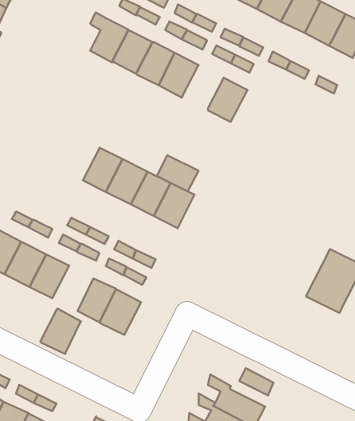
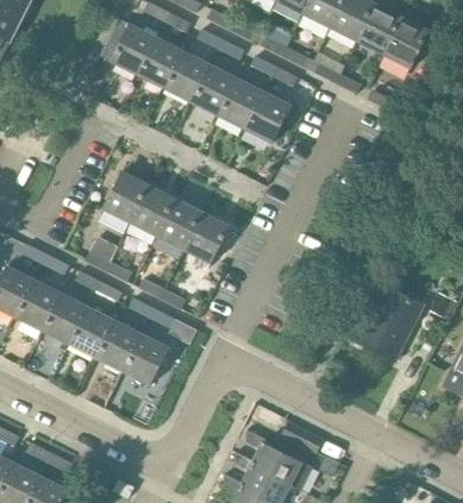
building: none -> [217,78,264,130]
building: [157,155,198,192] -> none
building: [40,309,81,354] -> [69,307,115,358]

